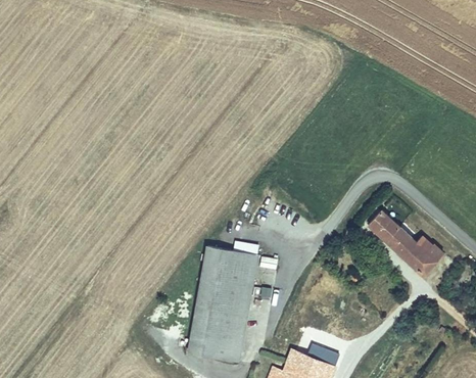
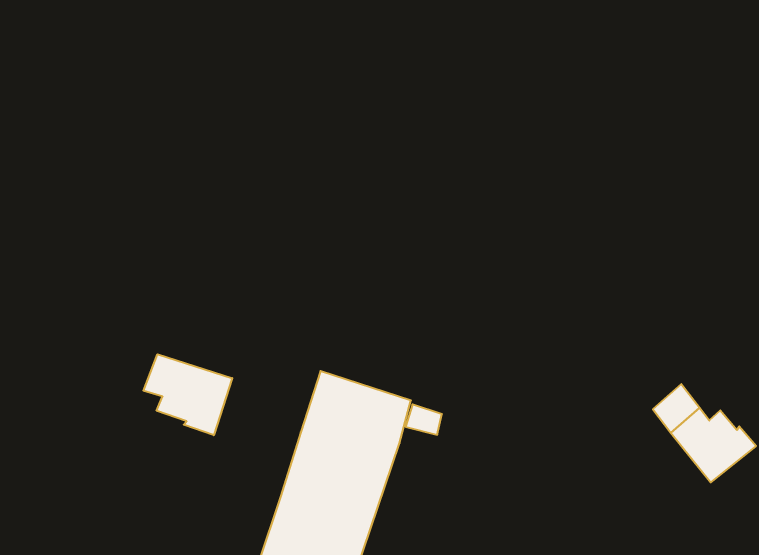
building: [368,209,399,242] -> none
building: none -> [143,354,232,435]

